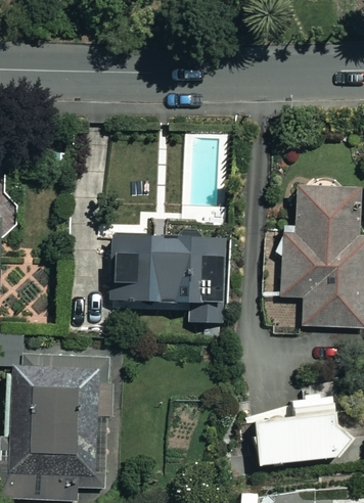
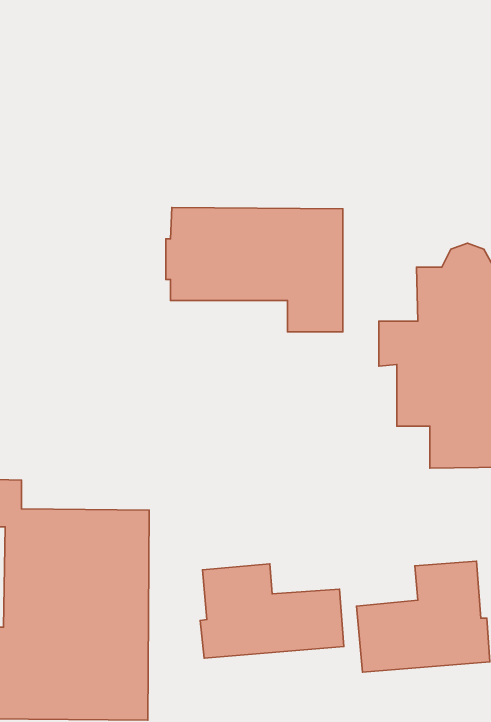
building: [107,238,228,323] -> [166,207,343,332]
building: none -> [200,564,344,658]

